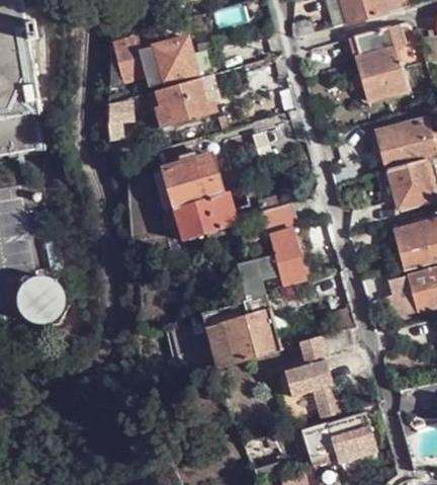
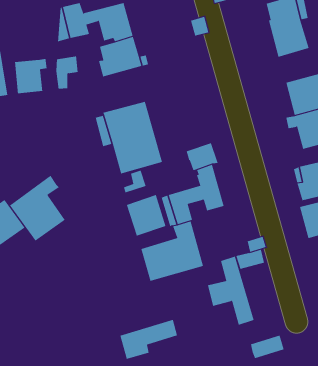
building: none -> [15,58,47,94]
building: none -> [9,175,65,242]
building: none -> [126,194,166,237]
building: [301,410,370,458] -> [119,319,178,360]

